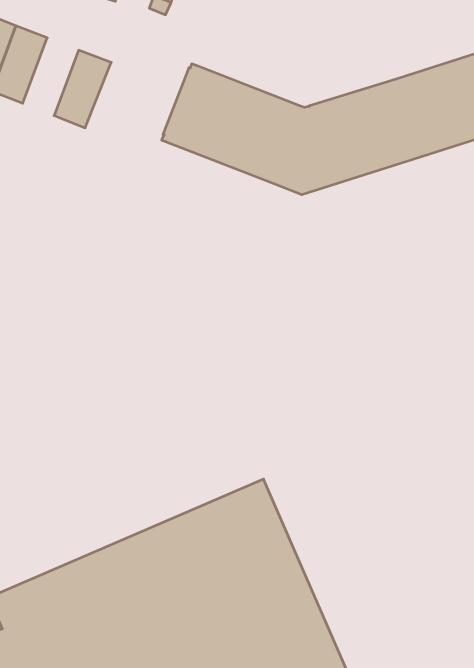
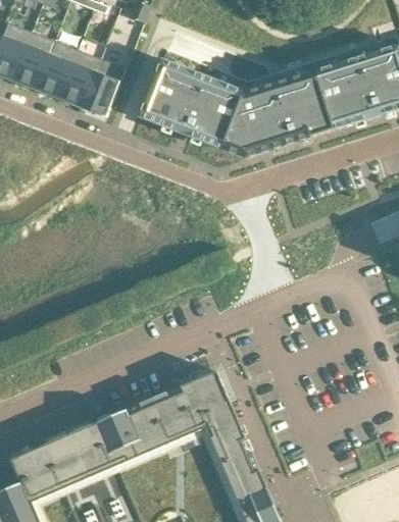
building: none -> [35,40,77,98]
building: none -> [82,58,124,116]

